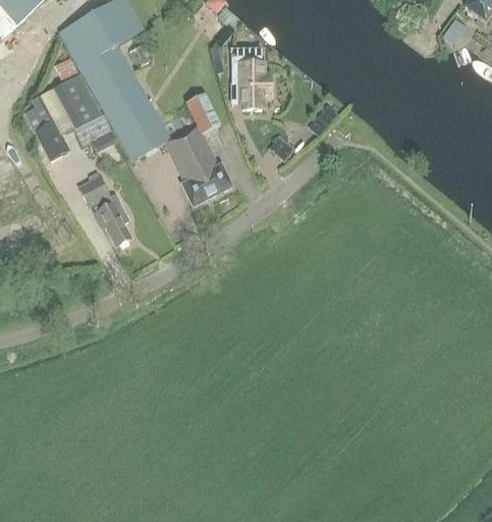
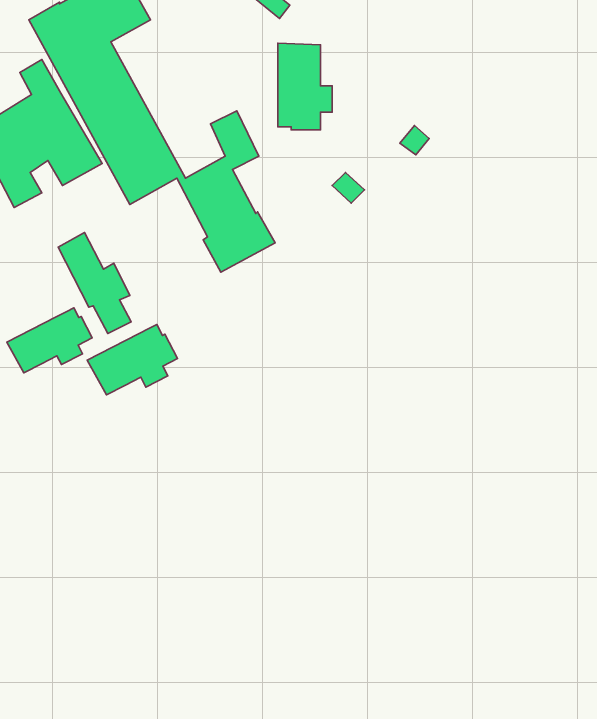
building: none -> [7,308,92,373]
building: none -> [87,324,177,395]

